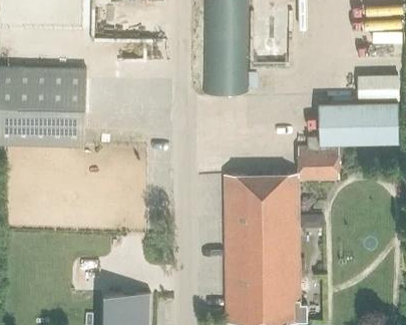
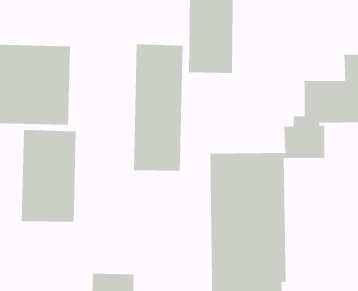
building: none -> [133,43,183,171]
building: none -> [21,129,76,223]

